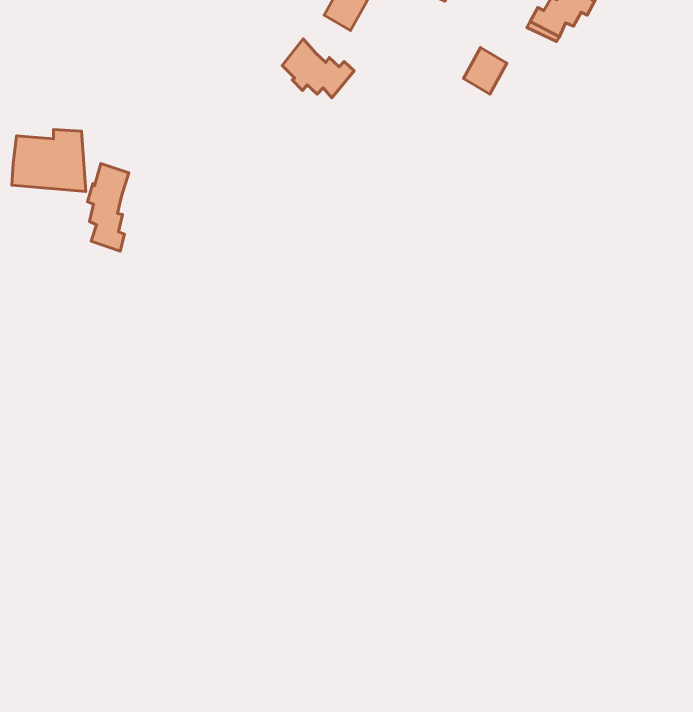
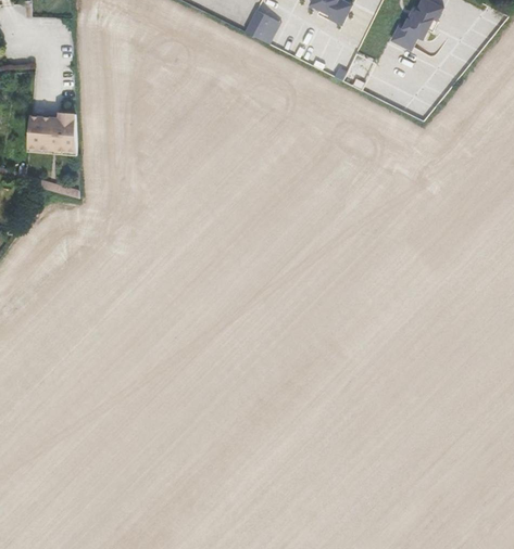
building: [282,39,354,98] -> none
building: [88,164,129,251] -> none

